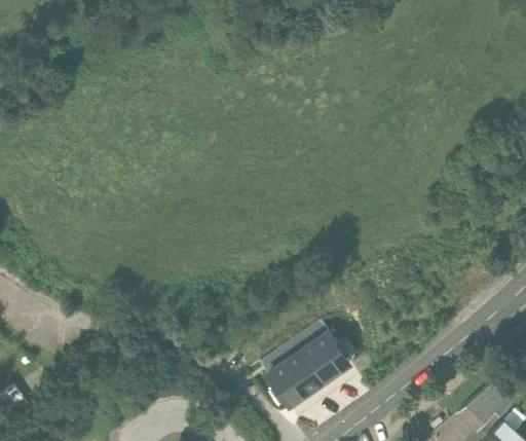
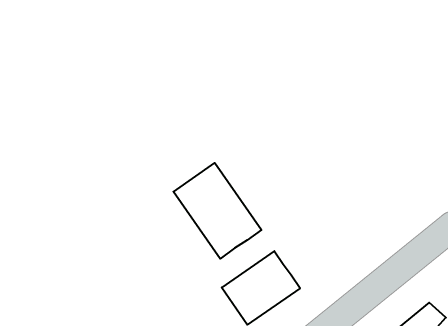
building: none -> [173,163,261,259]

